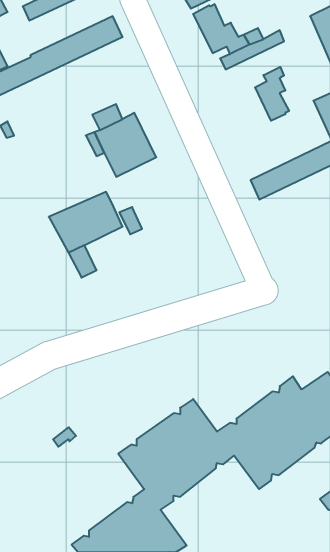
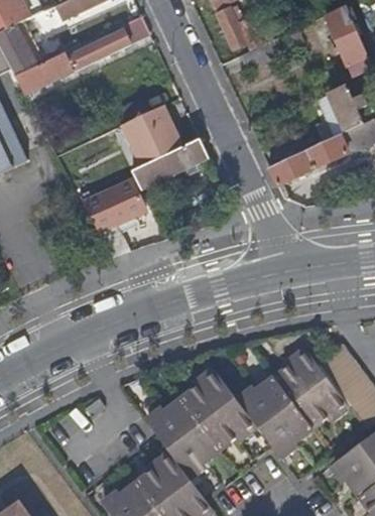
building: [255,67,289,121] -> none
building: none -> [131,138,207,188]

